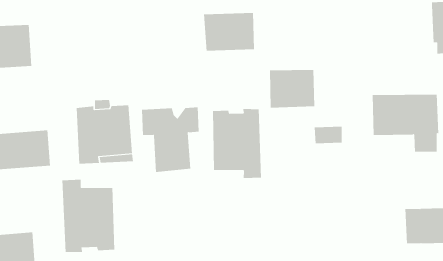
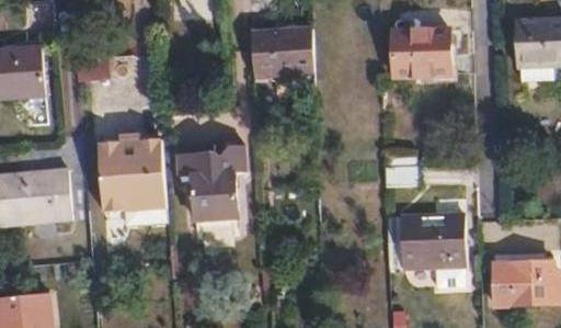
building: [269,69,315,108] -> [393,32,448,78]
building: [372,94,439,152] -> [385,217,465,286]
building: [212,108,262,179] -> none
building: [62,179,115,253] -> none

